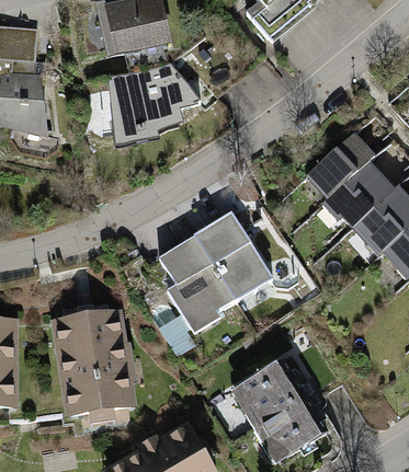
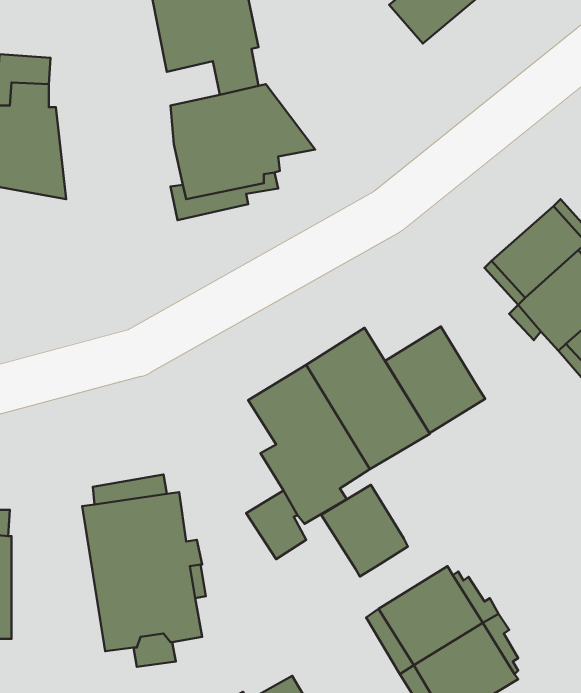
building: none -> [385,326,485,433]
building: none -> [321,485,408,577]

